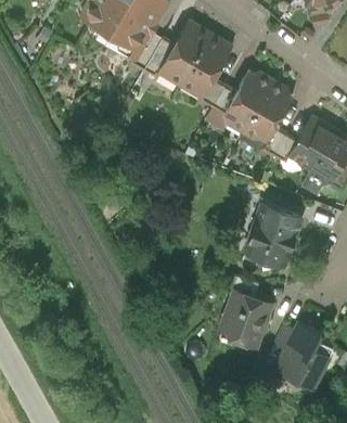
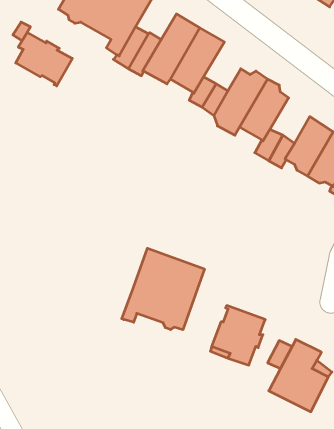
building: none -> [16,33,72,86]
building: [245,205,301,267] -> none
building: none -> [122,248,204,330]

